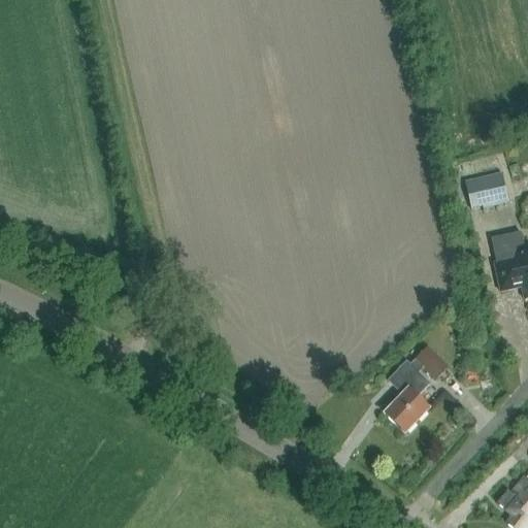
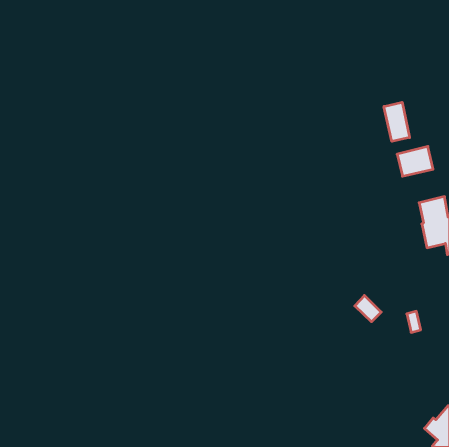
building: none -> [384,102,410,141]
building: [386,359,431,431] -> none

